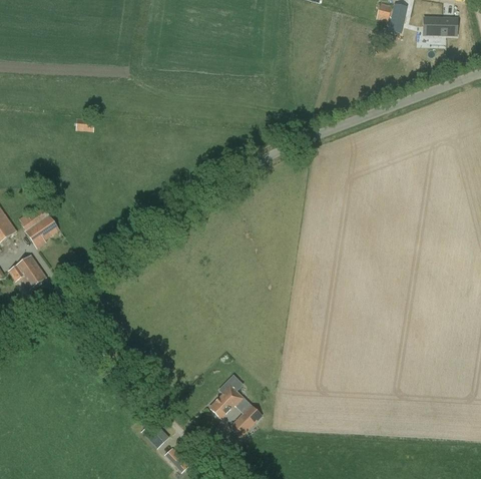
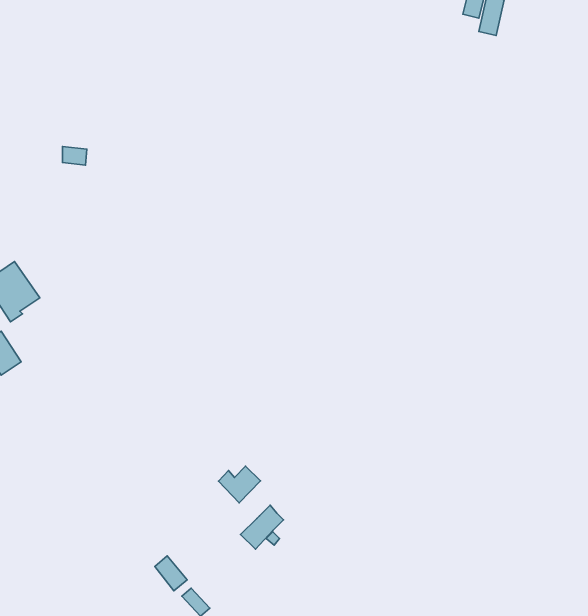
building: [426,18,462,39] -> none
building: none -> [219,466,260,503]
building: [229,403,262,436] -> none

